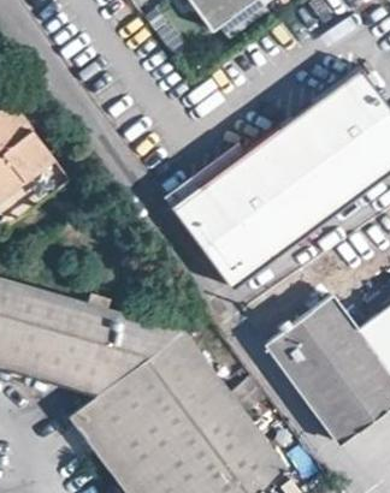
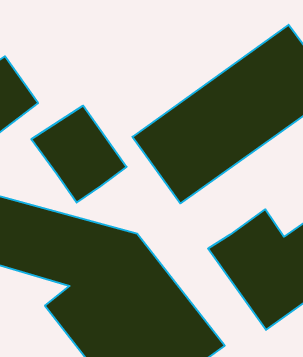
building: none -> [31,106,127,203]

